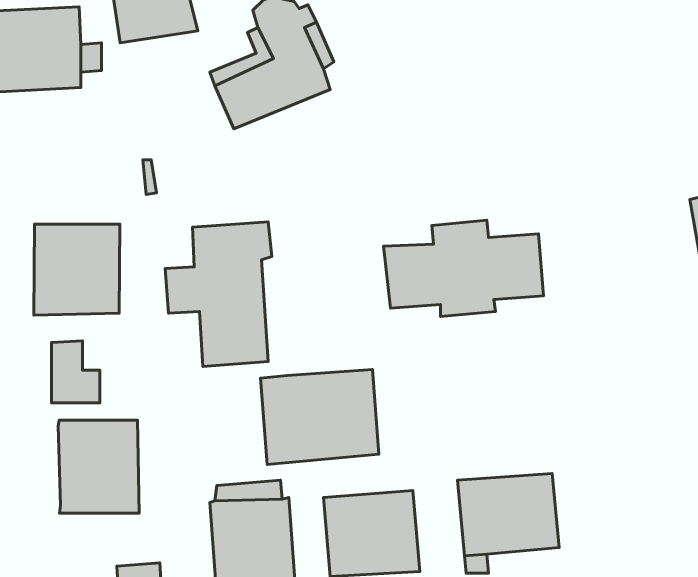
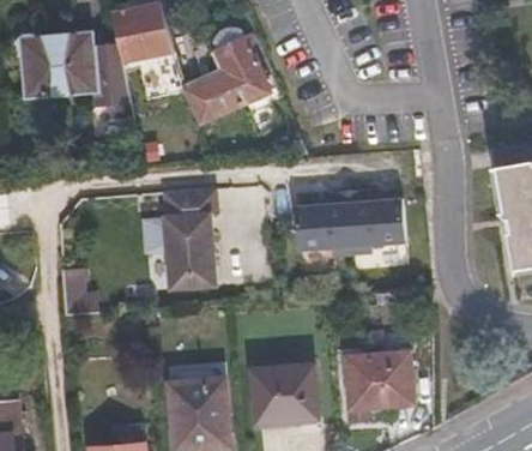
building: [34,224,120,315] -> none
building: [261,369,379,465] -> none
building: [58,420,139,513] -> none

